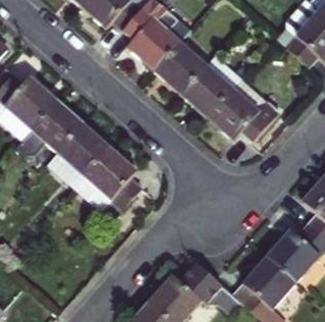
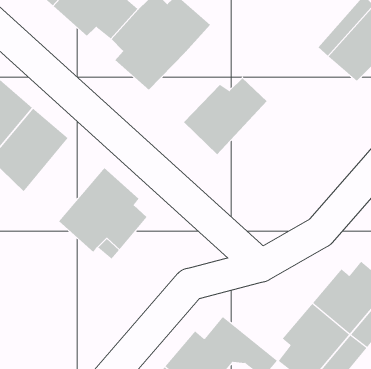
building: [144,46,199,100] -> none
building: [197,84,282,158] -> none
building: [47,112,109,176] -> none

